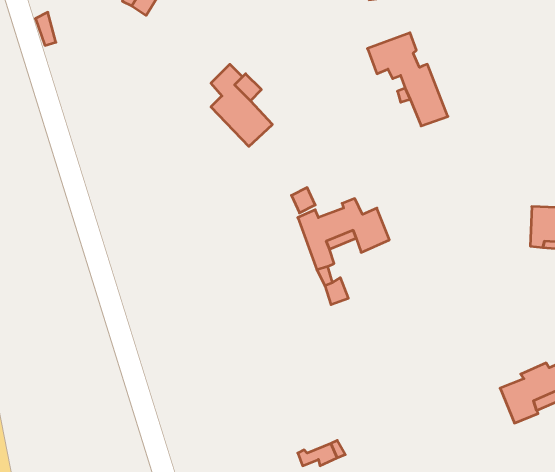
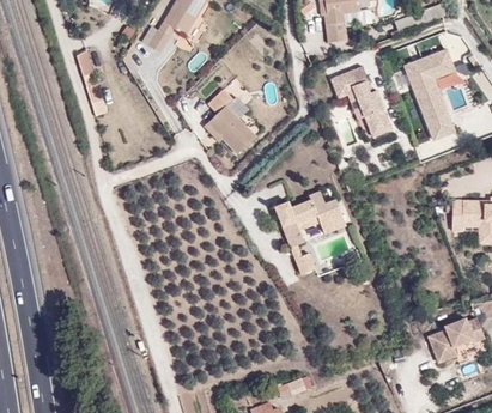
building: none -> [403,49,454,139]

